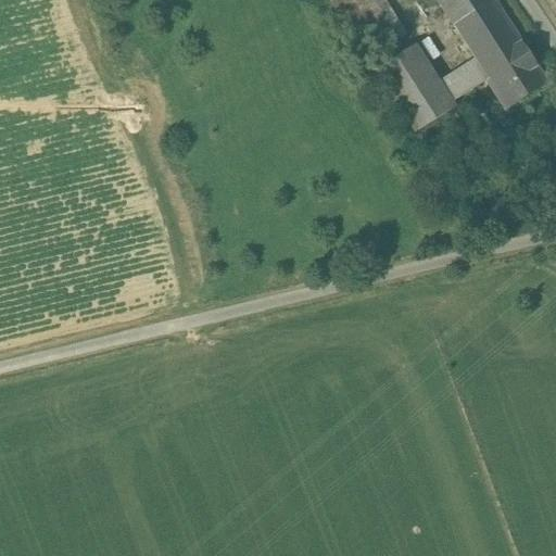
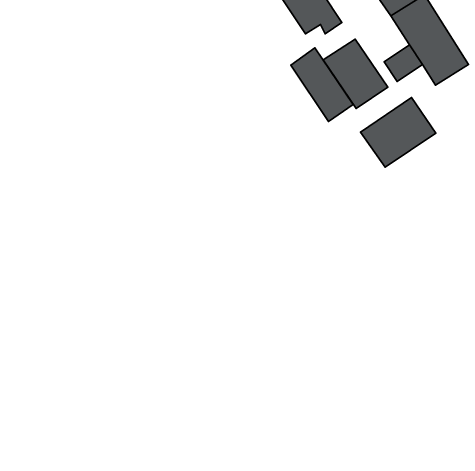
building: none -> [291,48,353,121]
building: none -> [360,97,436,167]

